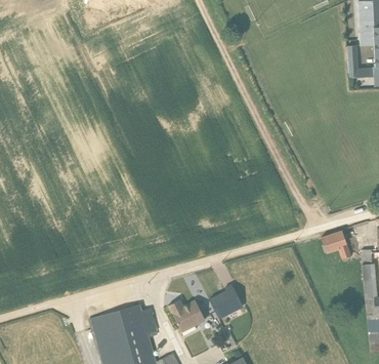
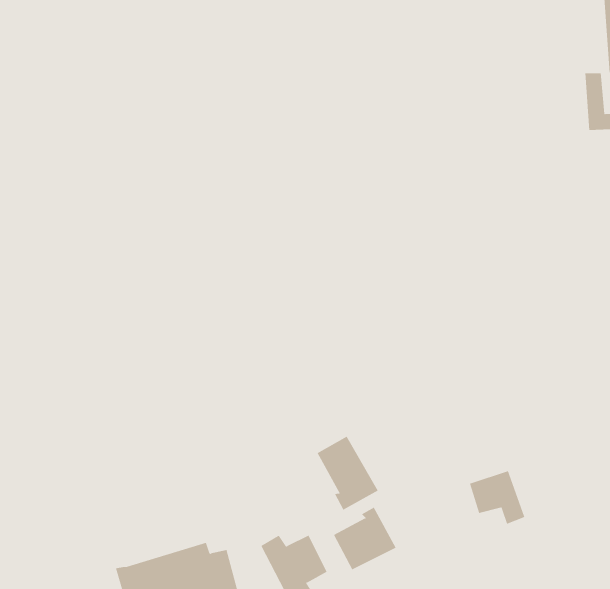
building: [322,231,352,260] -> [469,471,525,525]
building: none -> [317,436,379,510]

